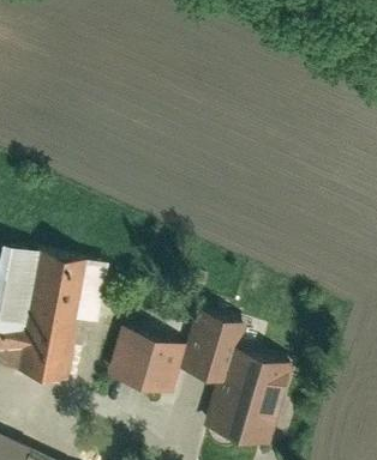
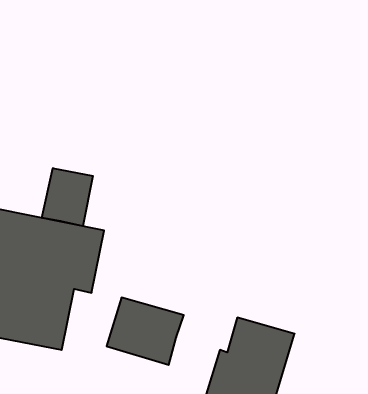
building: none -> [42,168,93,226]
building: [178,311,243,382] -> none

